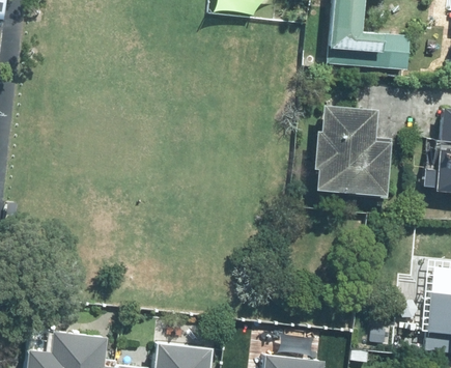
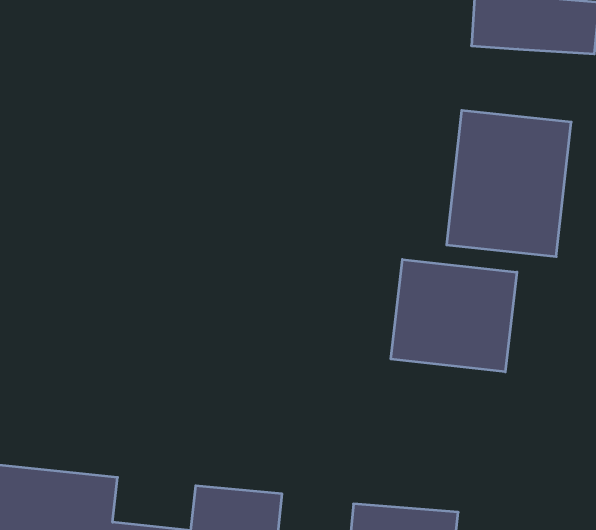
building: none -> [391,259,517,372]

